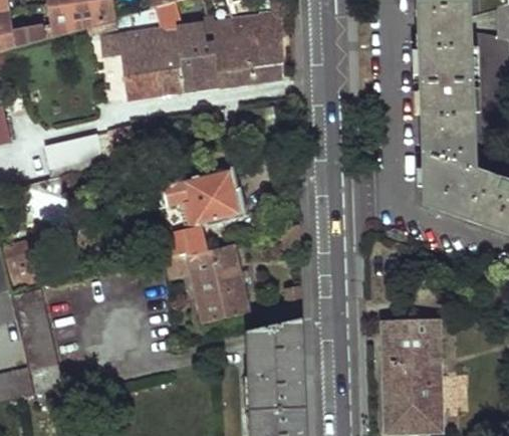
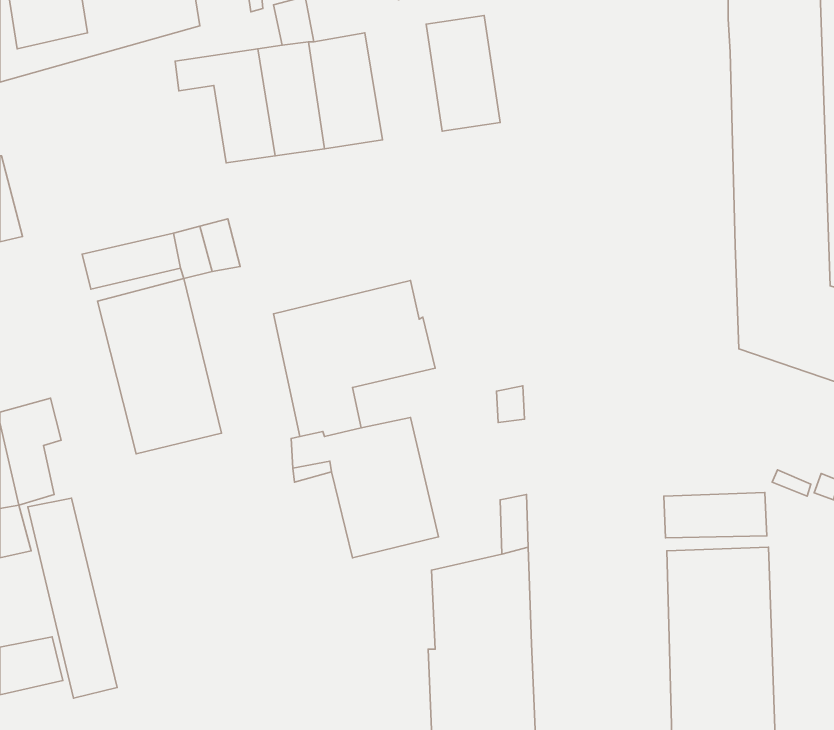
building: [209,18,253,84] -> none
building: none -> [98,279,222,454]
building: none -> [664,493,767,538]

